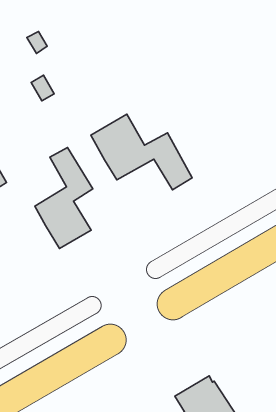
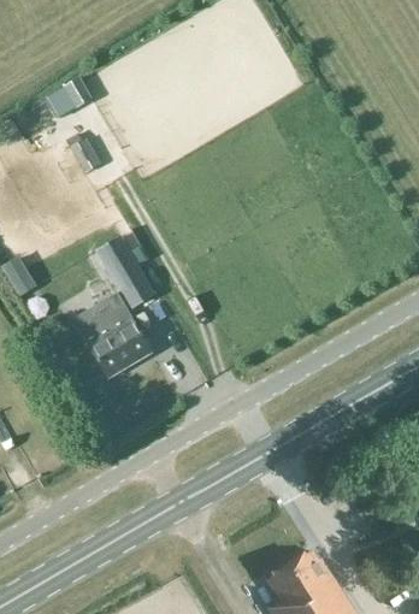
building: [91,114,192,190] -> none

